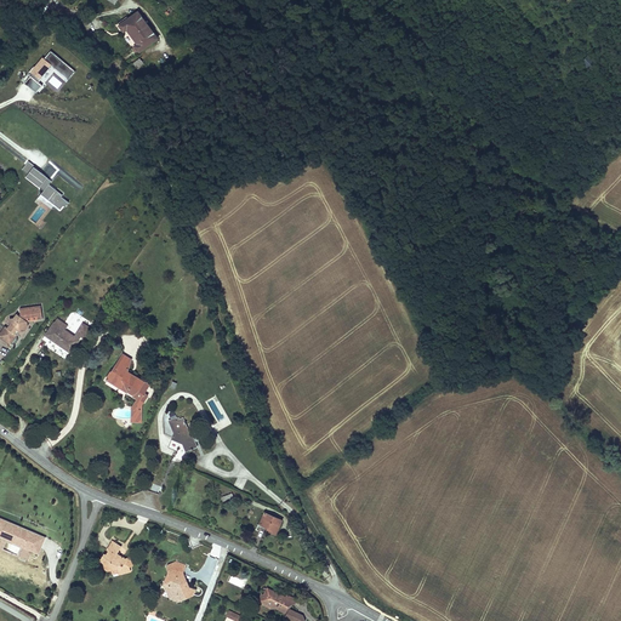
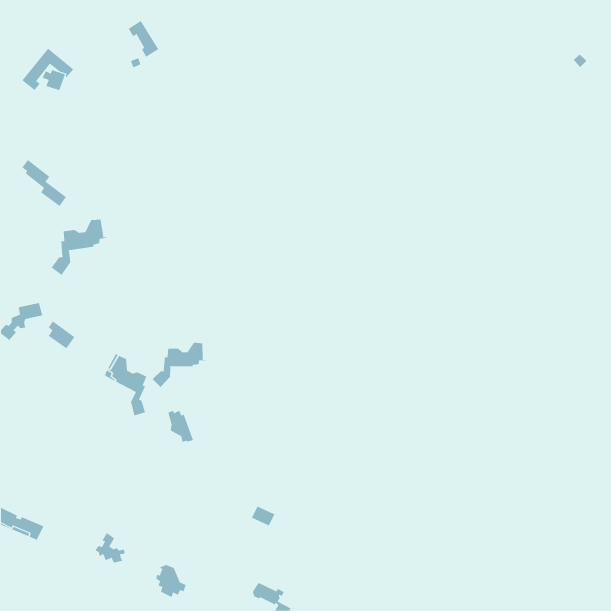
building: none -> [51,219,107,276]
building: none -> [152,342,206,388]

